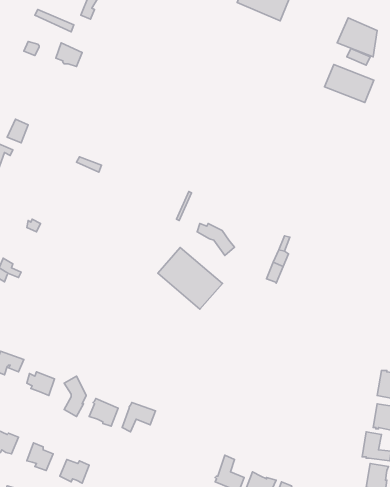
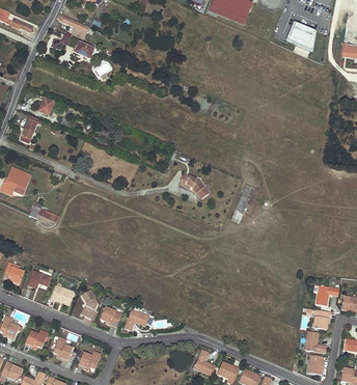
building: [325,65,374,102] -> none
building: [158,248,222,309] -> none

